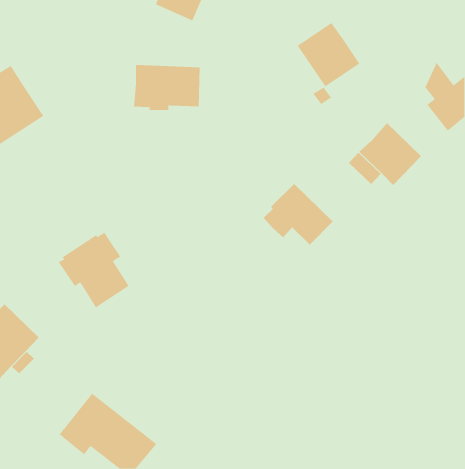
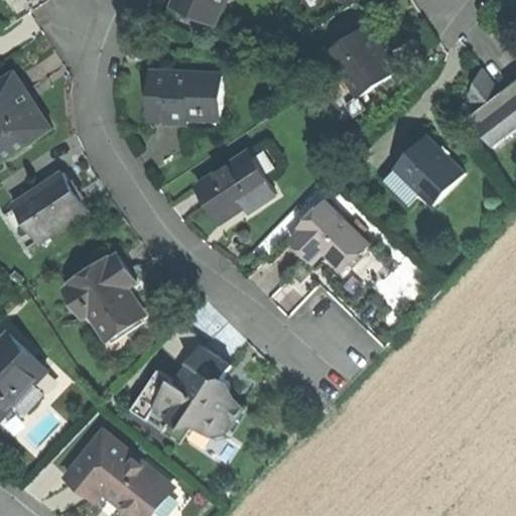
building: none -> [196,151,273,220]
building: none -> [11,171,85,241]
building: none -> [129,345,244,435]

